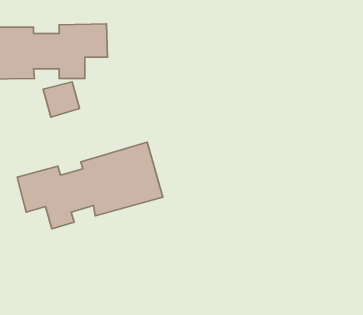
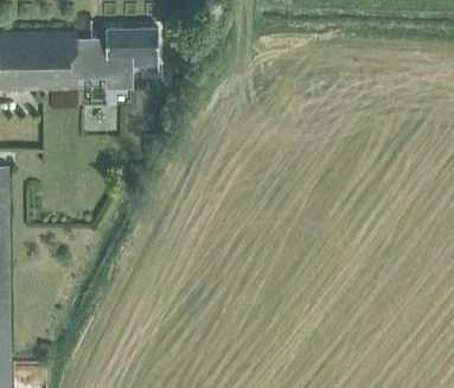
building: [17,142,163,229] -> none

